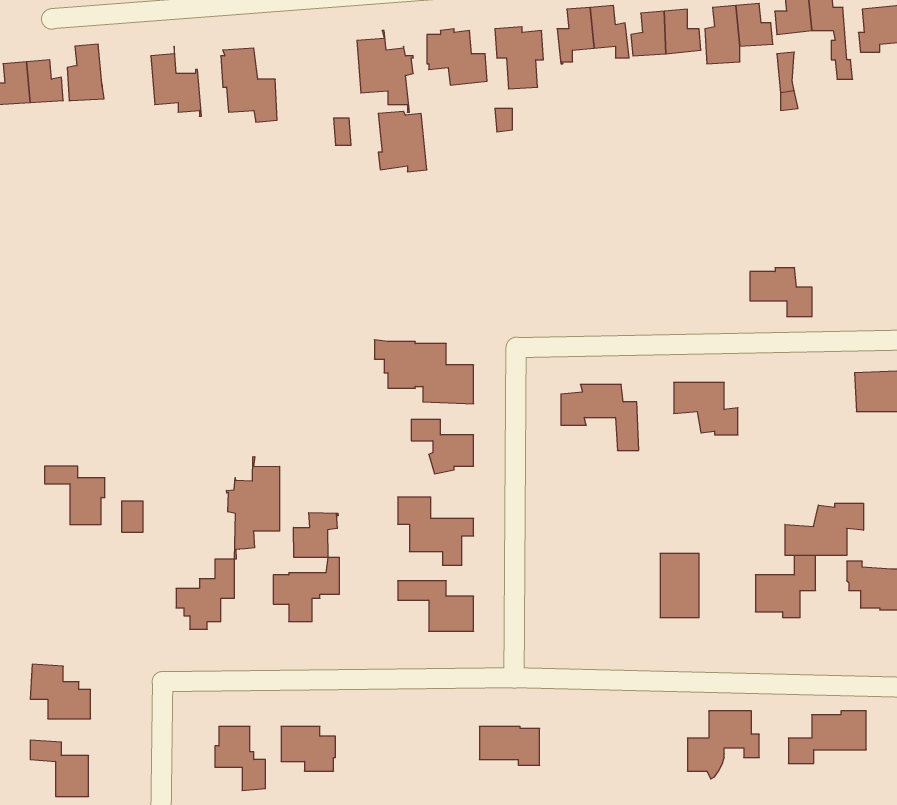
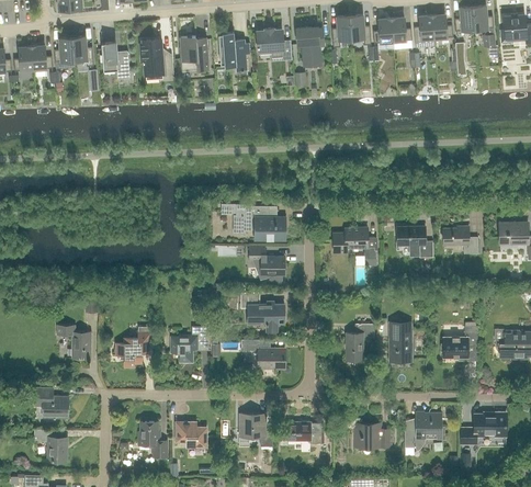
building: none -> [71,36,93,66]
building: [378,111,427,172] -> [180,36,207,70]
building: [750,268,812,316] -> [442,226,477,253]
building: [227,457,280,559] -> none
building: [45,466,105,525] -> [56,325,90,358]
building: [785,503,863,555] -> none
building: [294,513,338,557] -> none
building: none -> [344,324,373,360]
building: none -> [238,412,272,446]
building: none -> [353,423,388,445]

